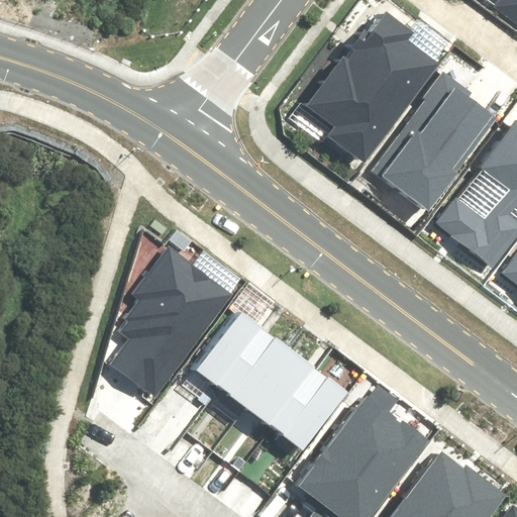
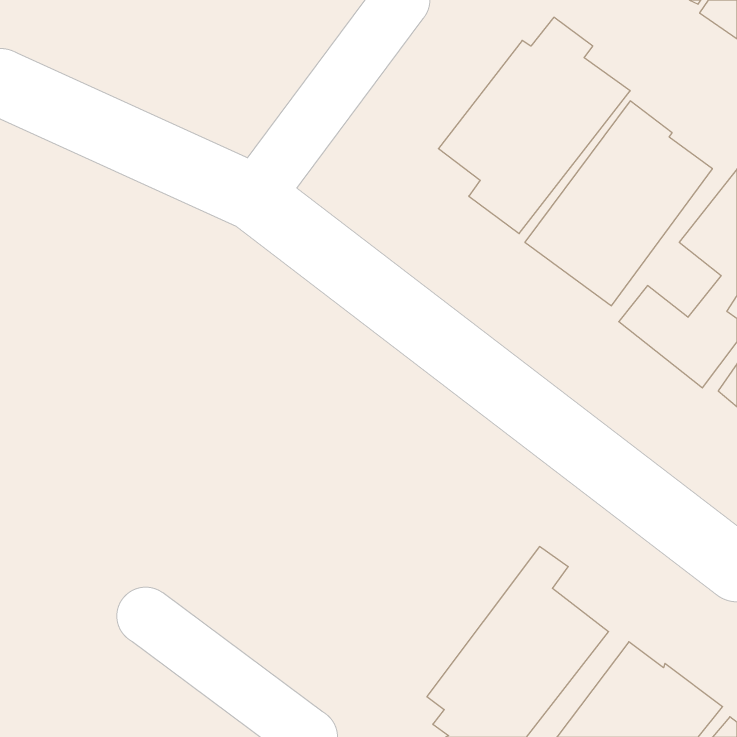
building: [113,247,229,395] -> none
building: [198,311,350,451] -> none

